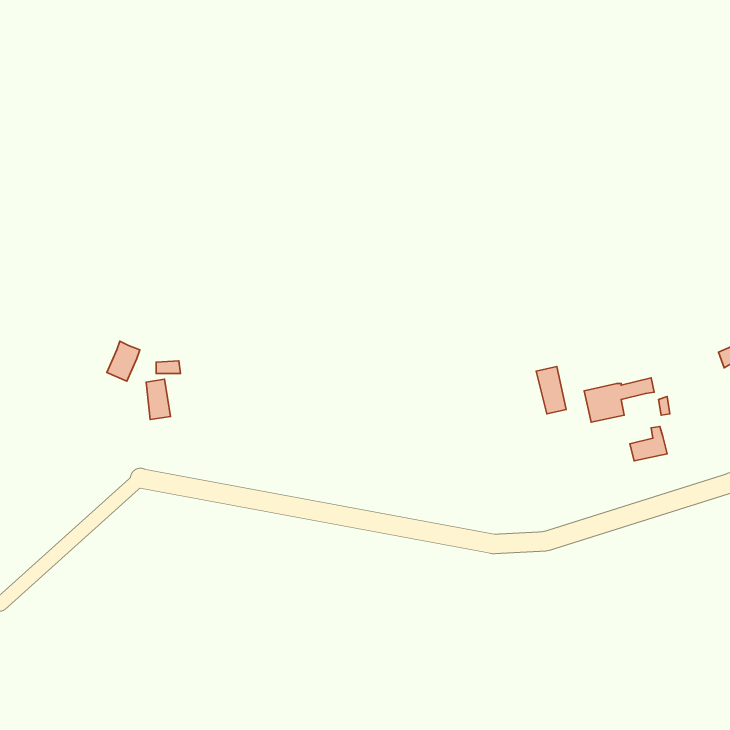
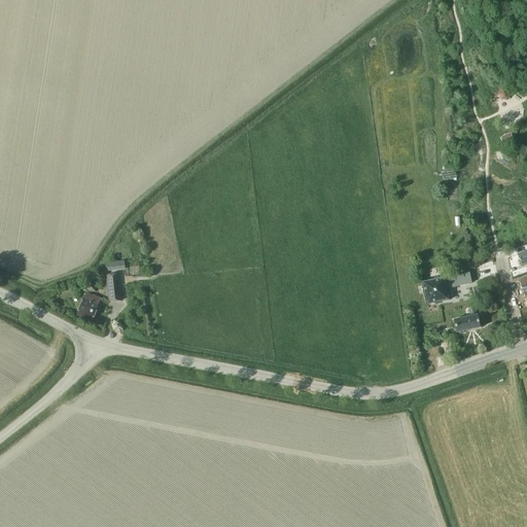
building: [107,341,140,381] -> [77,291,101,320]
building: [536,367,566,414] -> none

